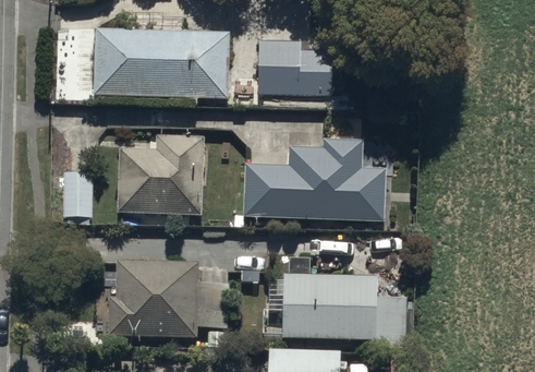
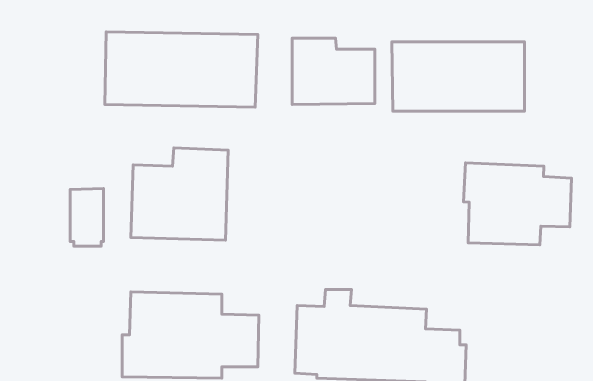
building: none -> [392,42,524,111]
building: [241,135,385,219] -> none
building: none -> [463,163,571,245]

